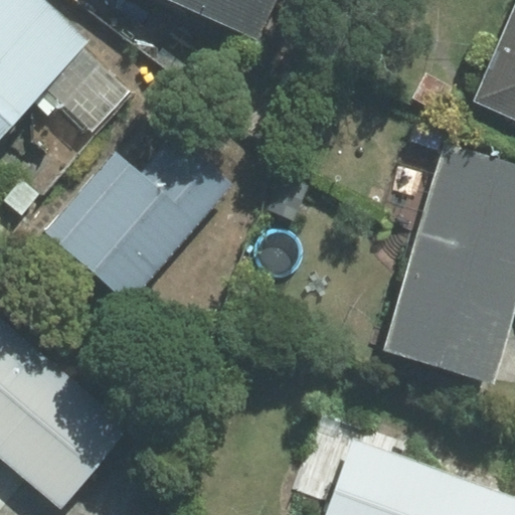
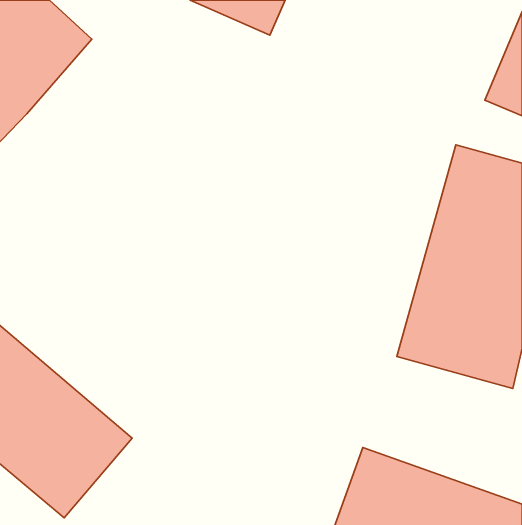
building: [45,135,231,303] -> none

